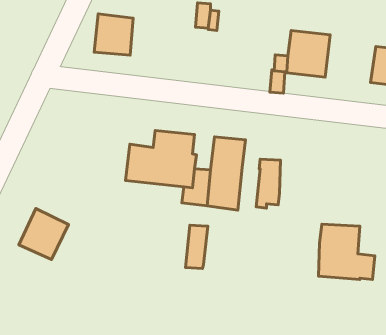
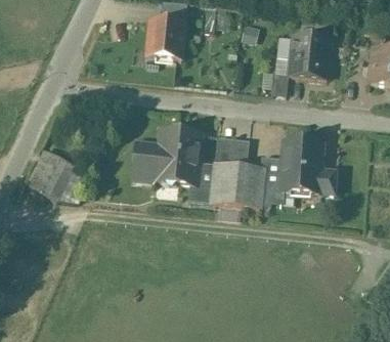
building: [94,14,133,55] -> [147,17,185,57]
building: [19,209,69,260] -> [28,146,76,196]
building: [319,224,375,279] -> [283,138,337,191]
building: [186,225,208,269] -> [243,164,264,206]

